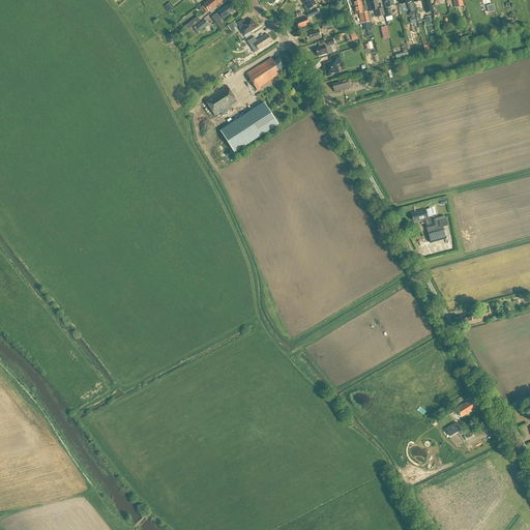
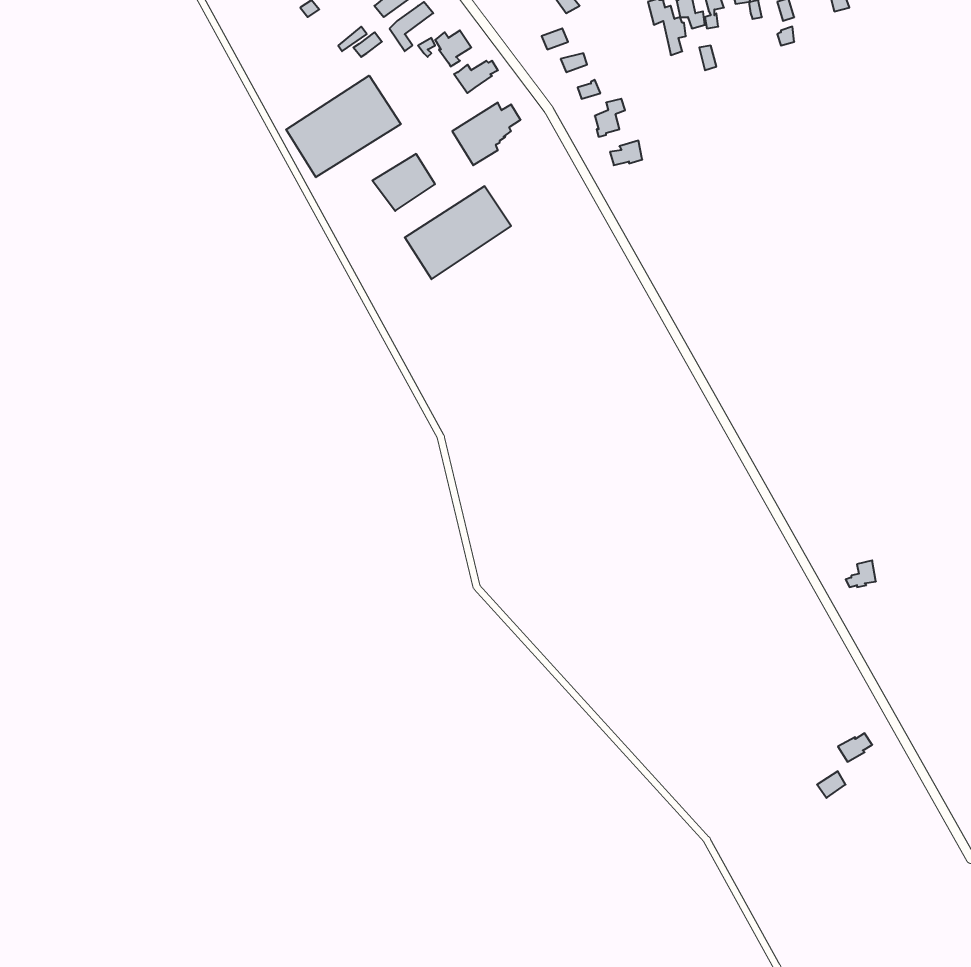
building: none -> [286,76,401,177]
building: [411,207,448,241] -> none

